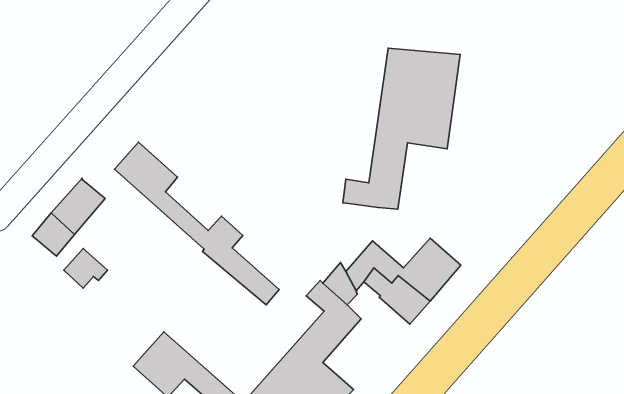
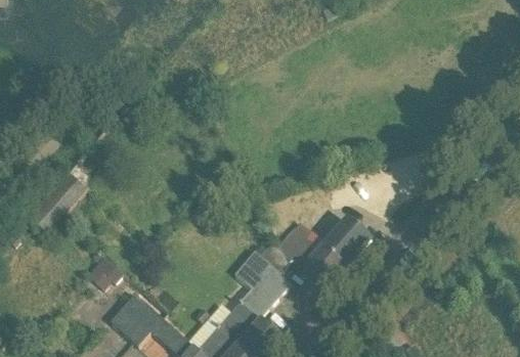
building: [343,48,460,209] -> none
building: [115,142,279,305] -> none
building: [64,248,107,288] -> [87,257,122,288]

